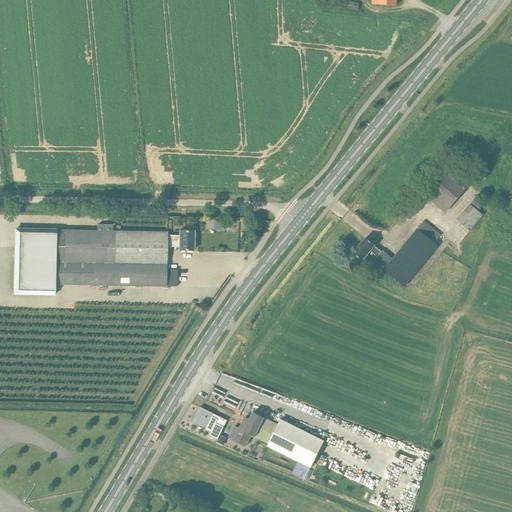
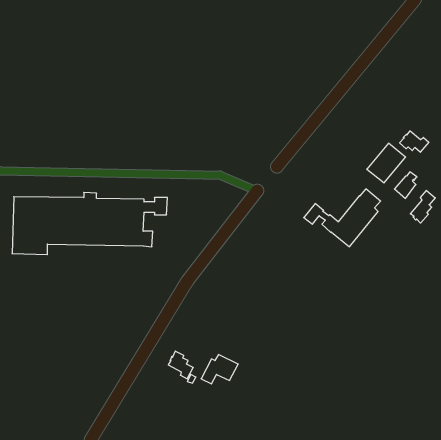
building: none -> [400,131,429,152]
building: none -> [410,190,435,223]
building: [267,418,324,479] -> none

